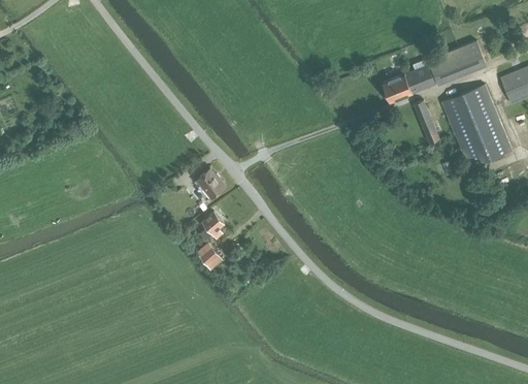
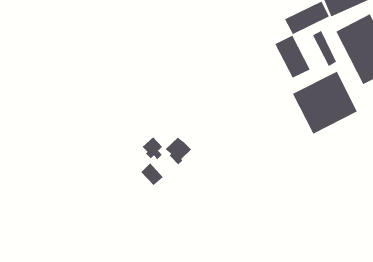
building: none -> [275,35,310,79]
building: none -> [292,71,357,135]
building: [194,168,226,202] -> [165,137,192,165]

